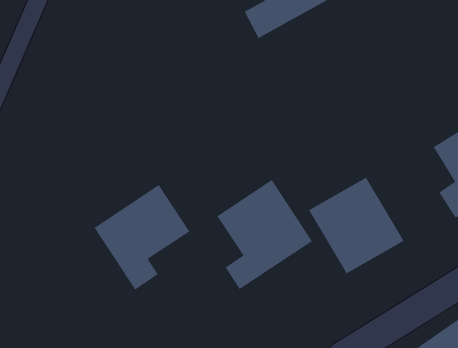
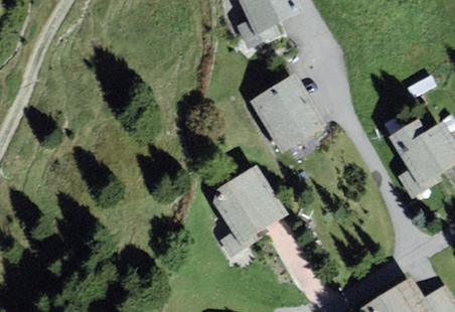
building: [308,177,405,274] -> [245,72,326,155]
building: [94,184,190,291] -> none

